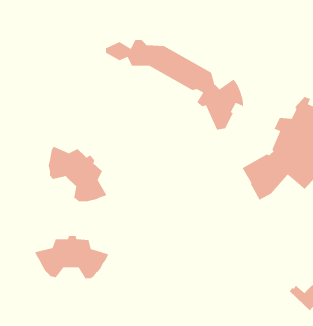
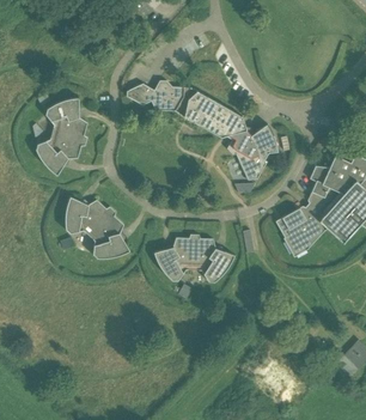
building: none -> [35,98,86,176]
building: [34,235,109,279] -> [152,235,233,282]

